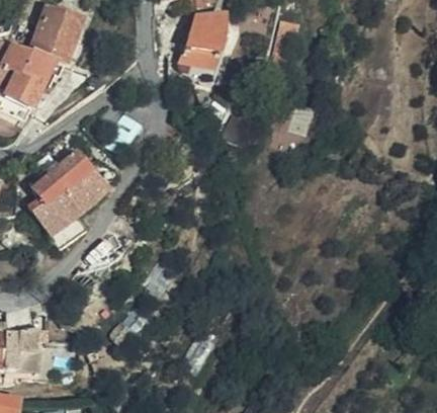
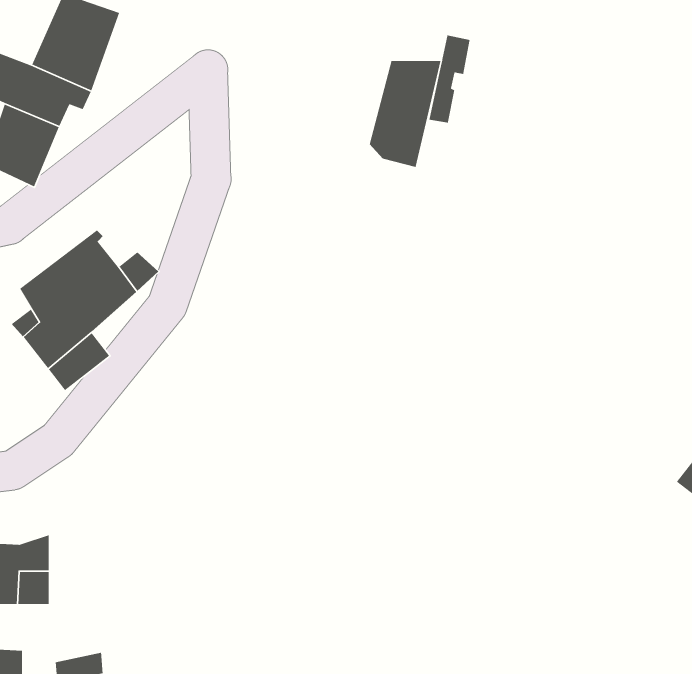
building: [183,14,227,79] -> [369,60,441,168]

